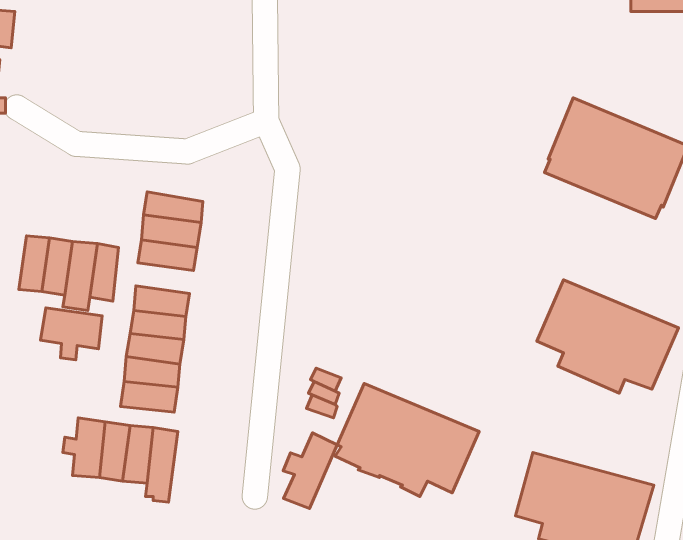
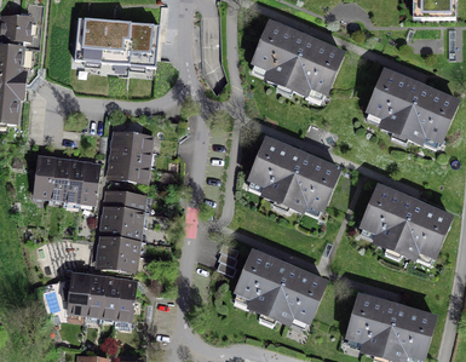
building: none -> [77,17,161,63]
building: none -> [253,23,343,98]
building: none -> [251,139,339,211]
building: [40,308,102,360] -> none
building: [283,433,337,508] -> none

